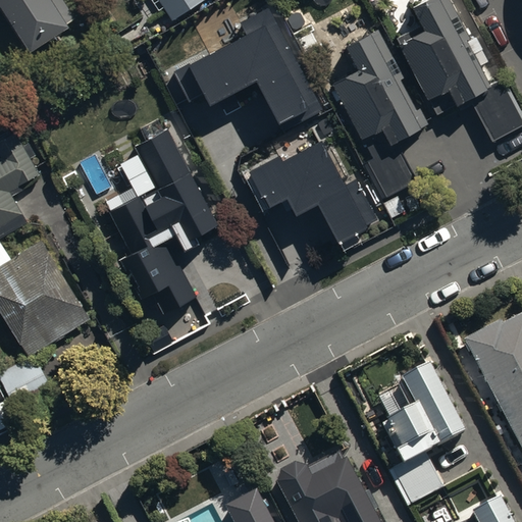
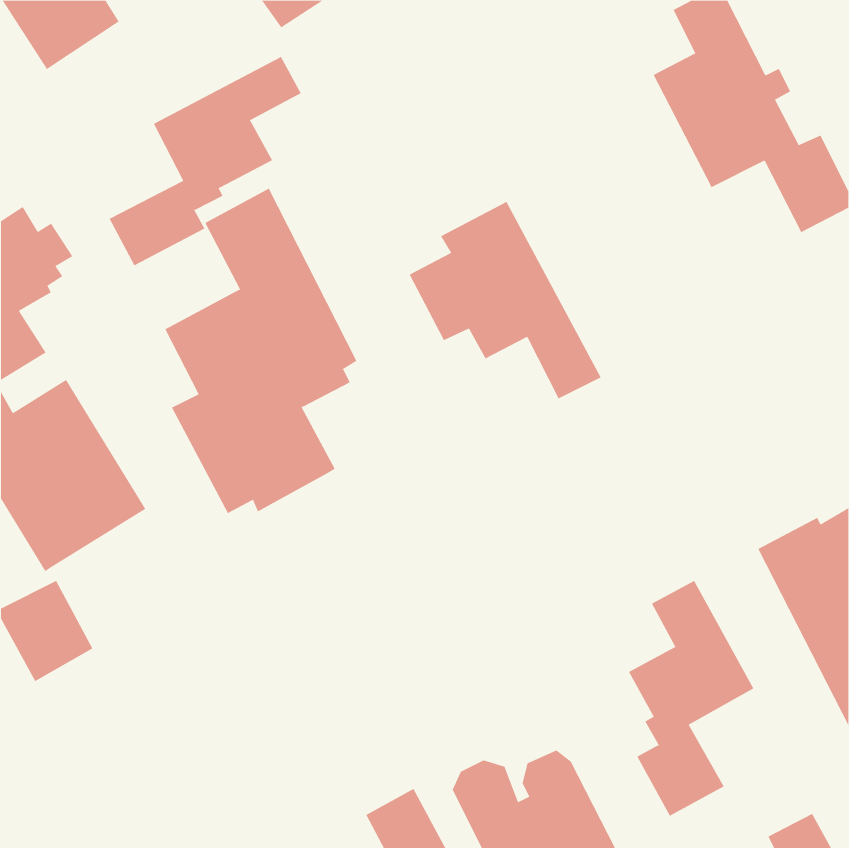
building: [175,11,324,135] -> none
building: [332,34,429,204] -> none
building: none -> [109,56,301,266]

